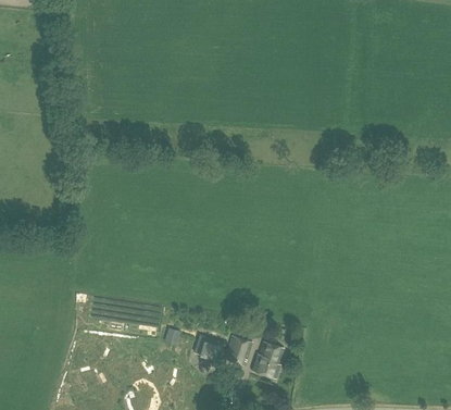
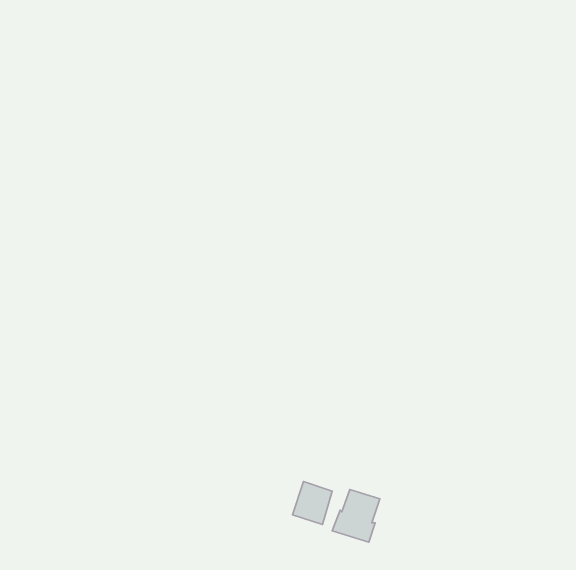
building: [196,334,225,359] -> none

